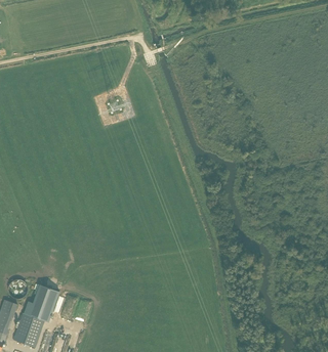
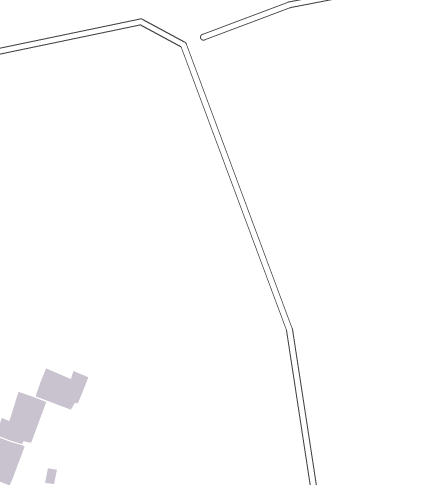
building: none -> [35,367,89,410]

